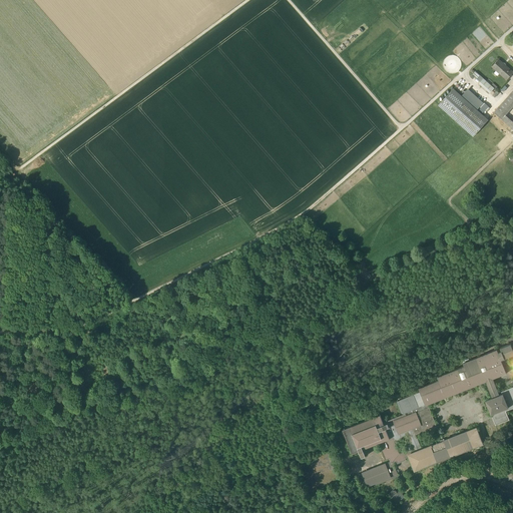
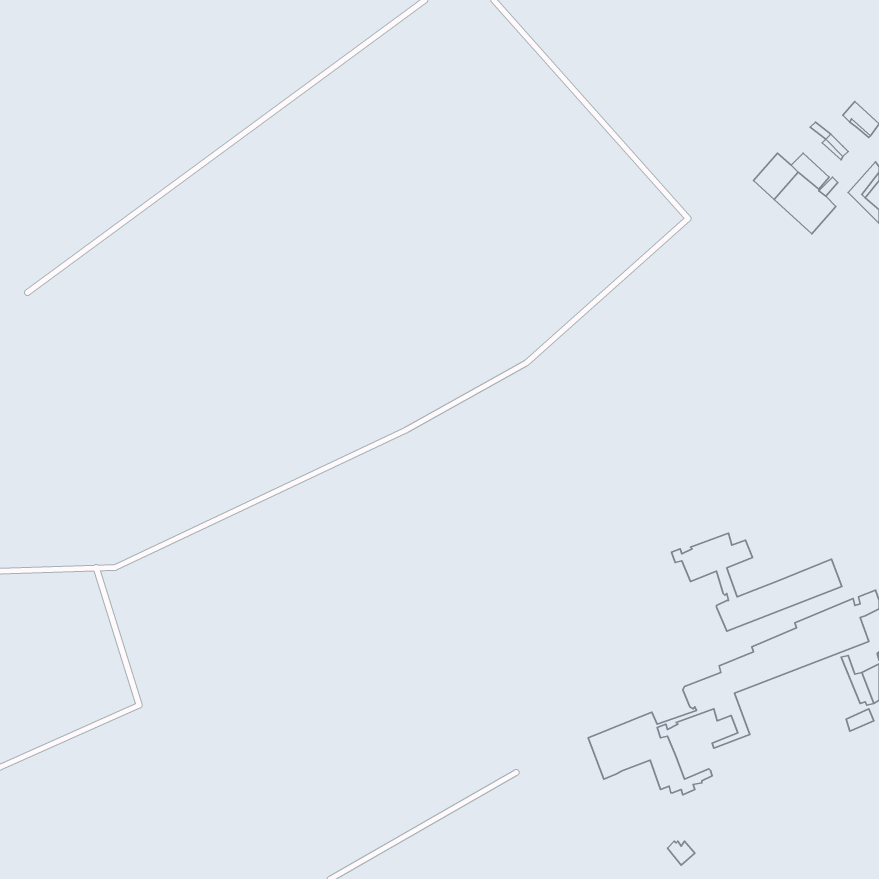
building: [383,413,482,470] -> [672,533,842,631]
building: [357,462,398,487] -> none

